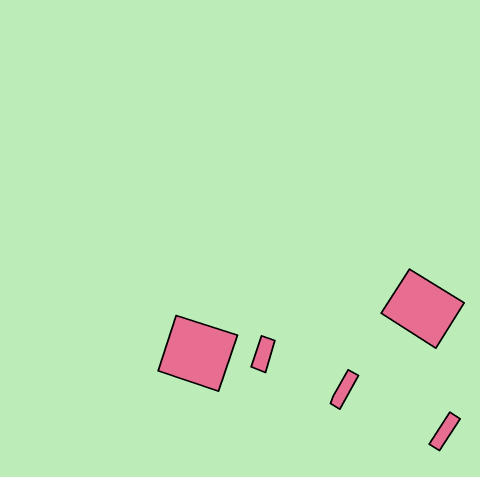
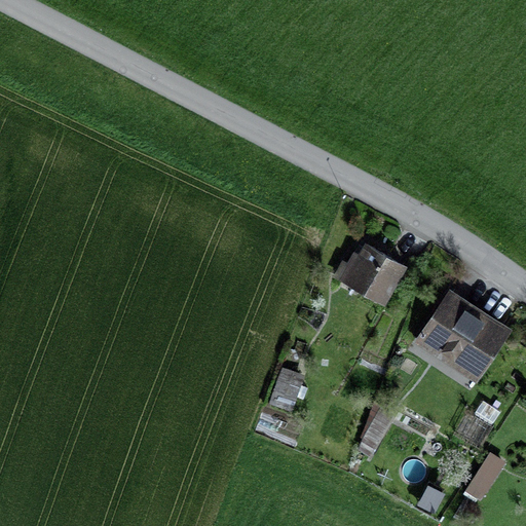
building: none -> [335,249,405,304]
building: [158,315,237,391] -> none

